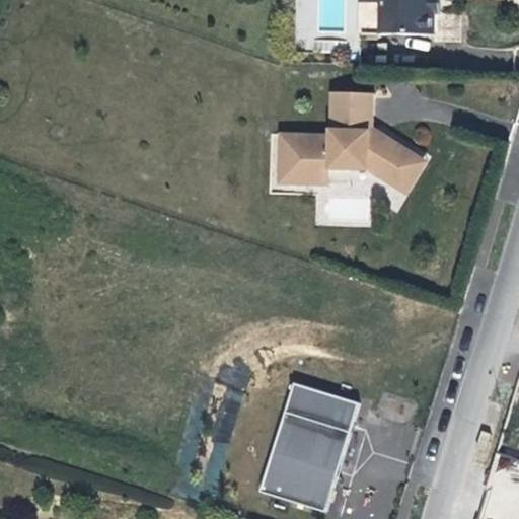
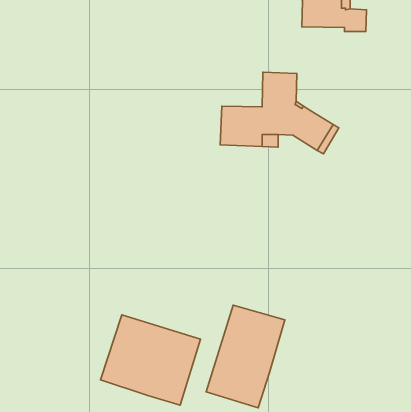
building: none -> [101,315,201,405]

